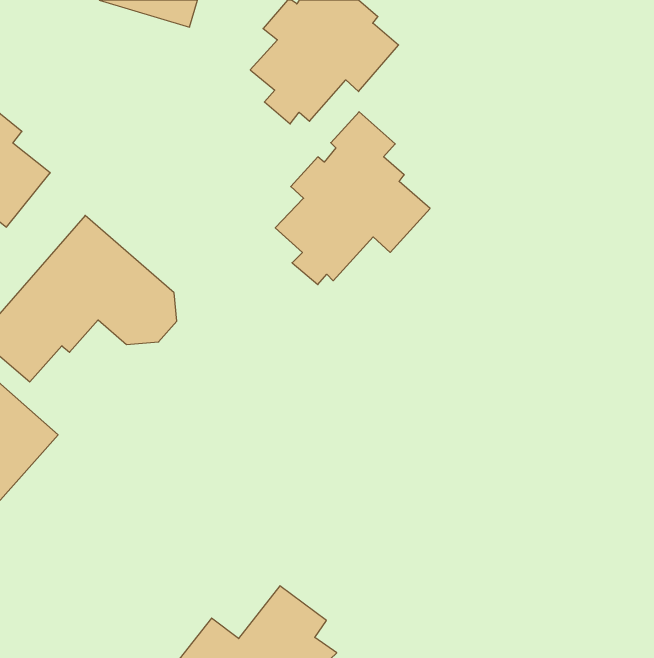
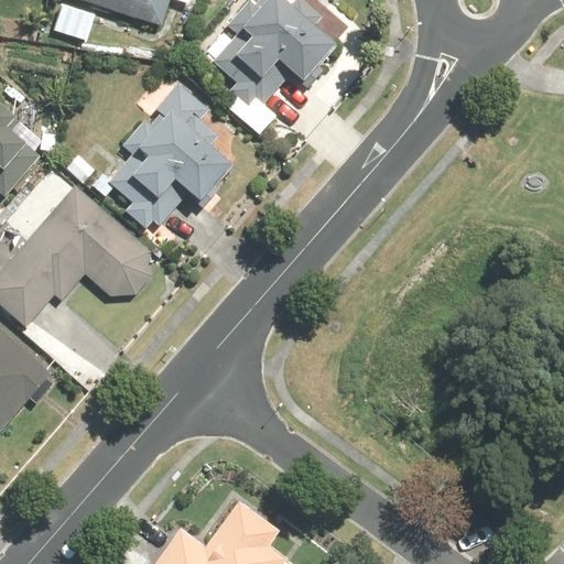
building: [275,112,430,285] -> [108,82,240,229]

